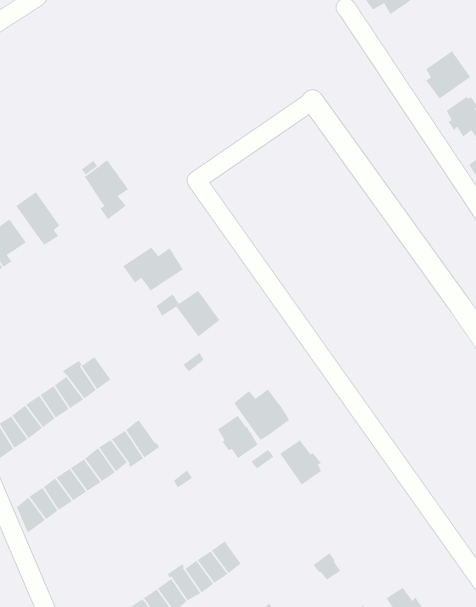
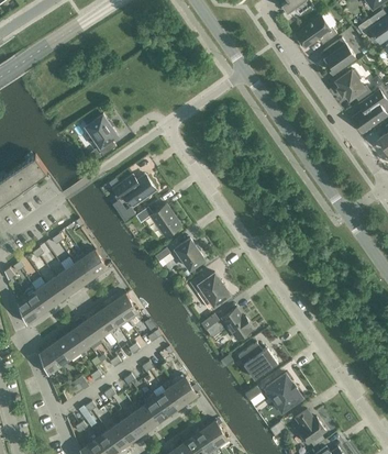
building: none -> [295,16,336,49]
building: [15,191,60,246] -> none
building: [217,415,258,459] -> [175,240,203,270]
building: none -> [237,344,277,380]
building: none -> [264,375,301,412]

